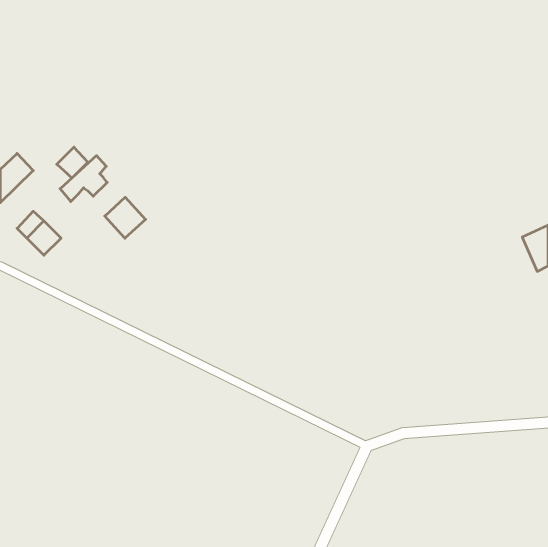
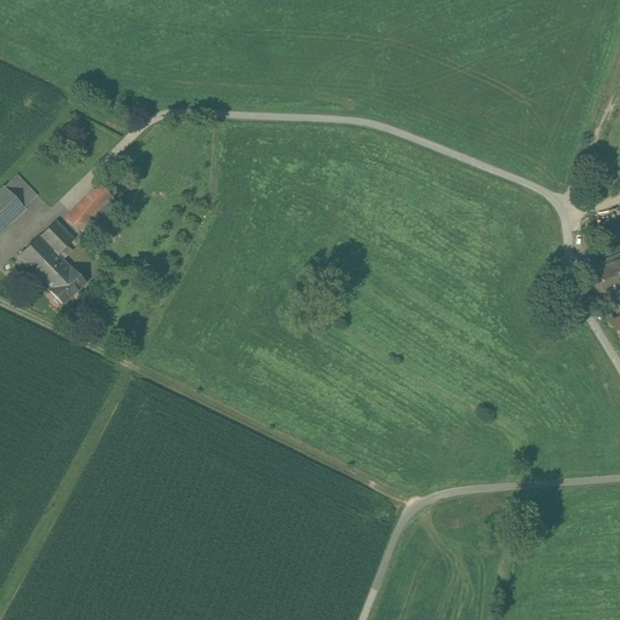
building: [57,147,88,178] -> [38,219,73,254]
building: [105,197,146,238] -> none
building: none -> [50,269,85,304]

